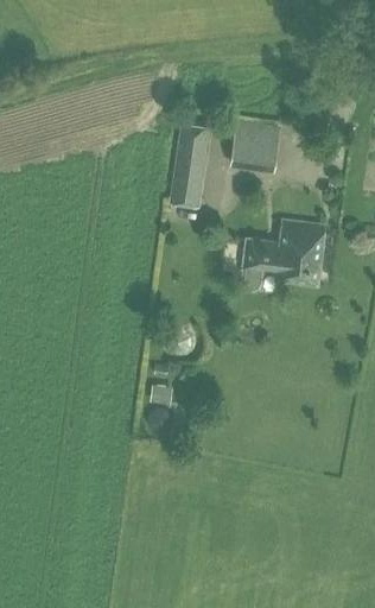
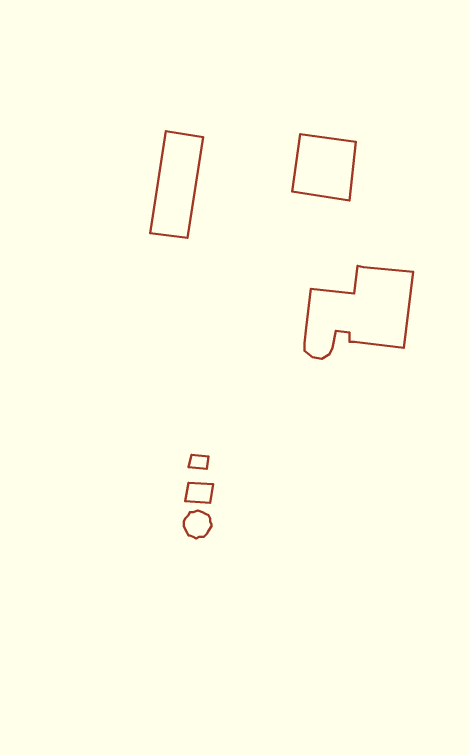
building: [170,124,210,205] -> [150,131,203,238]

